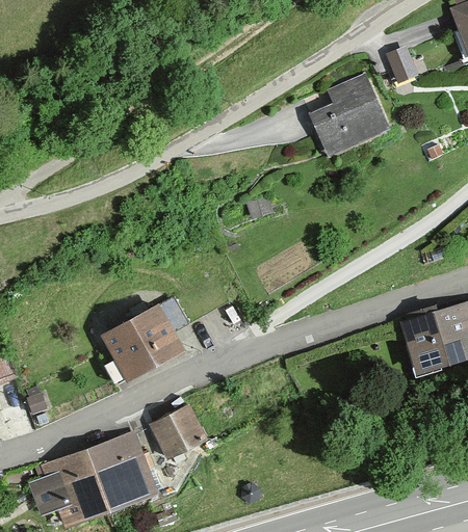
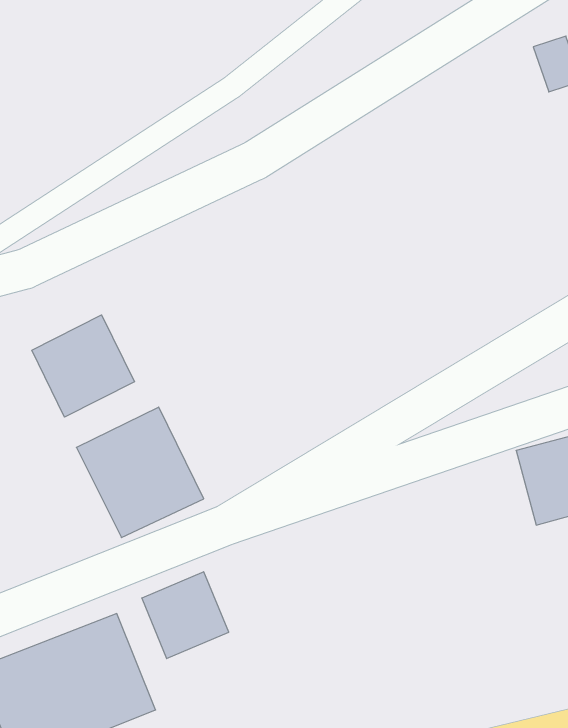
building: [317,75,398,158] -> none
building: none -> [32,315,134,417]

